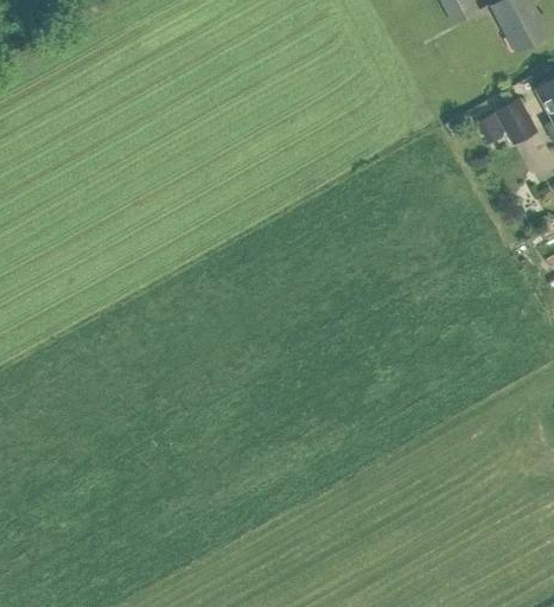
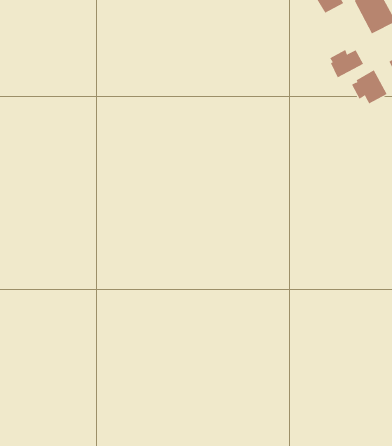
building: none -> [330,49,364,78]

